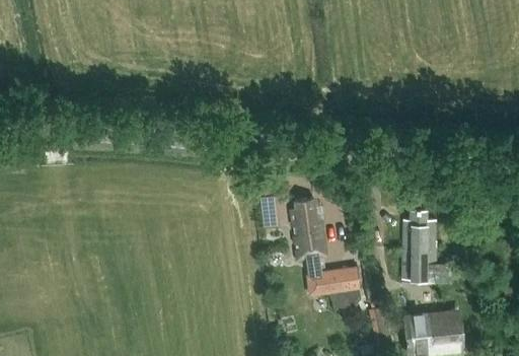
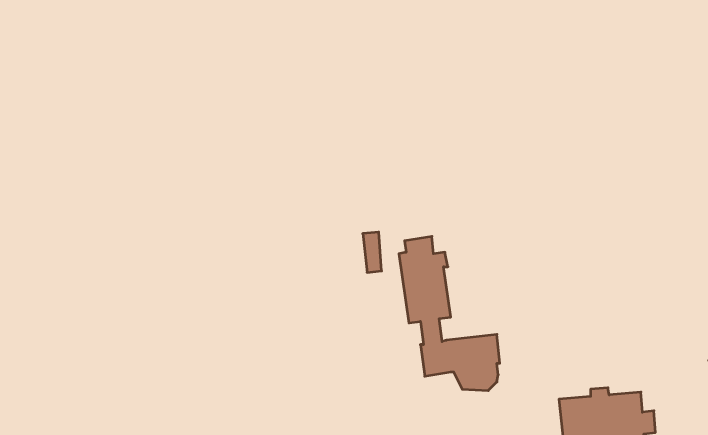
building: [403,211,435,278] -> none

